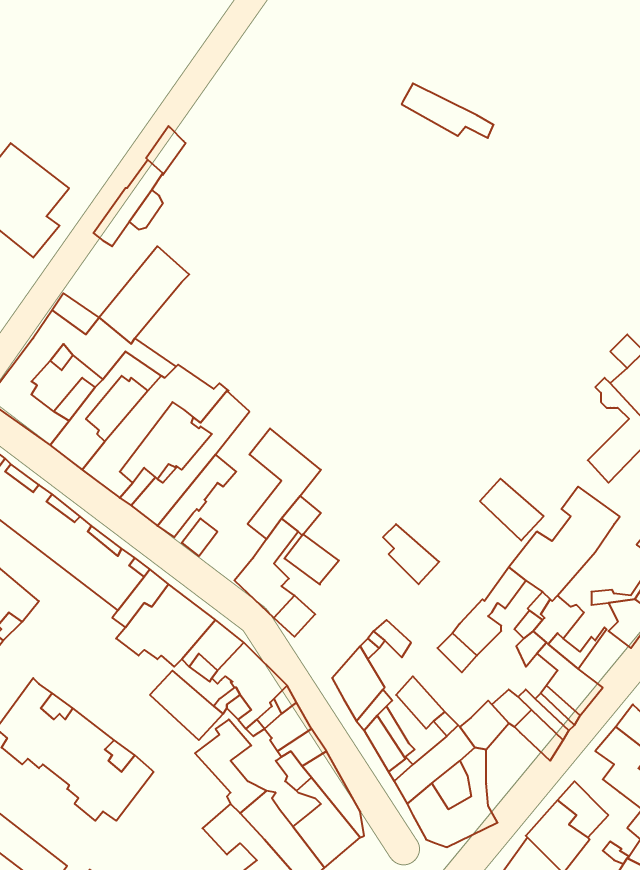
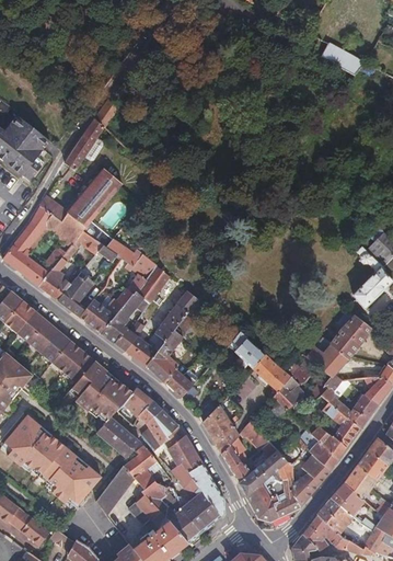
building: [402,83,494,138] -> [322,44,375,76]
building: none -> [136,266,167,301]
building: [480,479,544,541] -> [254,354,291,390]
building: [284,534,339,585] -> [126,336,158,366]
building: none -> [347,393,378,427]
building: none -> [293,454,331,506]
building: none -> [345,465,371,500]
building: none -> [96,466,134,515]

